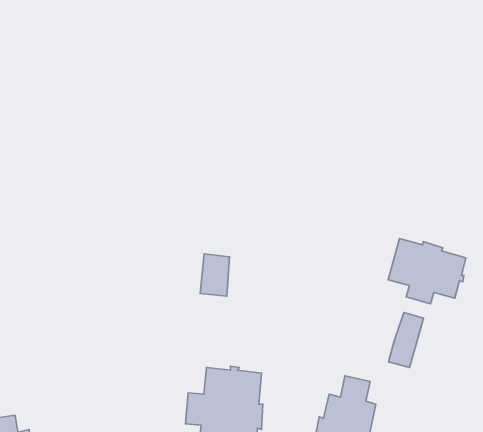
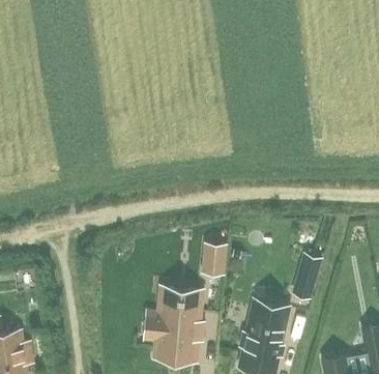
building: [388,238,466,304] -> none
building: [200,254,230,296] -> [203,244,225,276]

